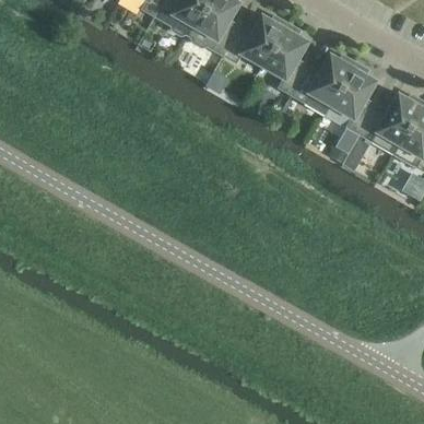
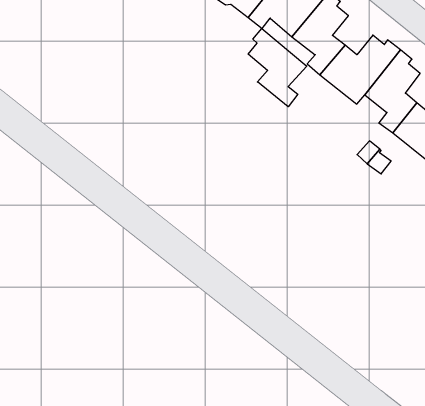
building: none -> [248,28,307,107]

